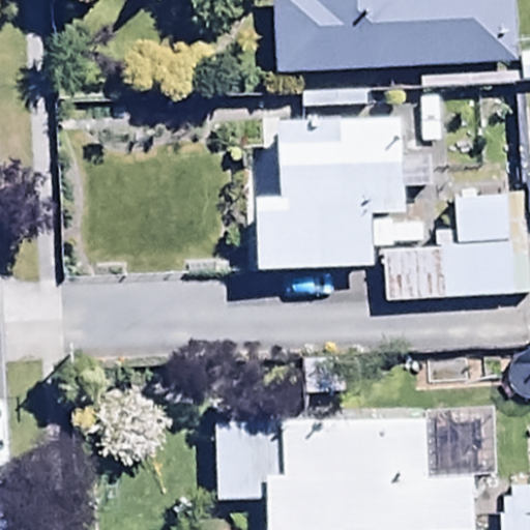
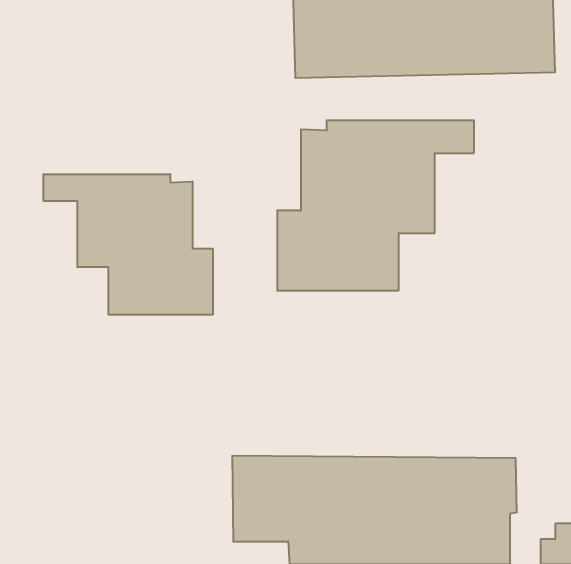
building: none -> [44,174,213,315]
building: [385,194,517,300] -> none

